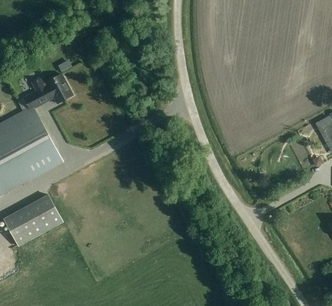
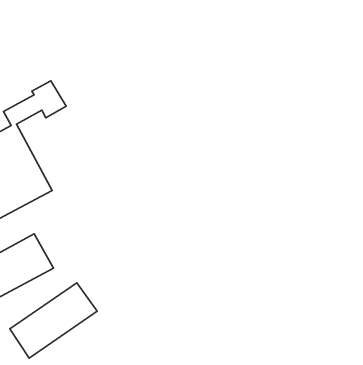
building: none -> [10,283,97,358]

